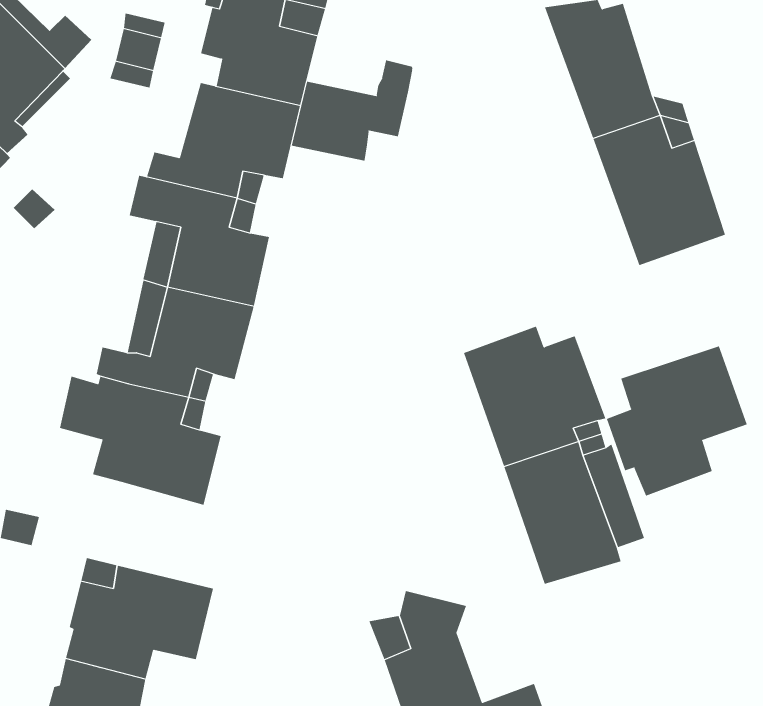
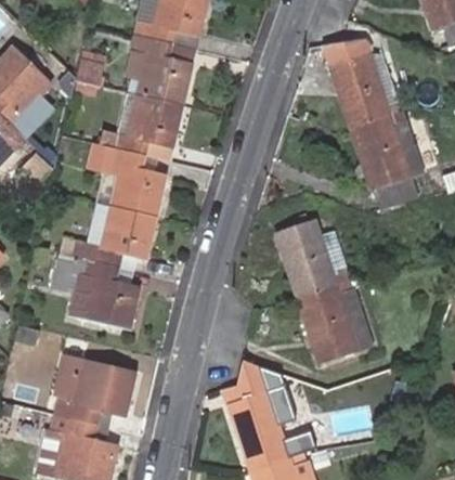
building: [291,60,413,161] -> none
building: [606,345,747,497] -> none

